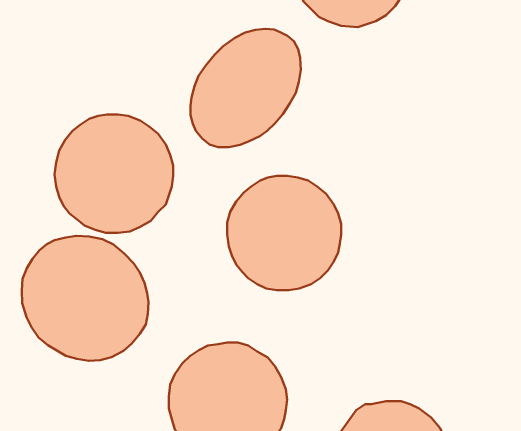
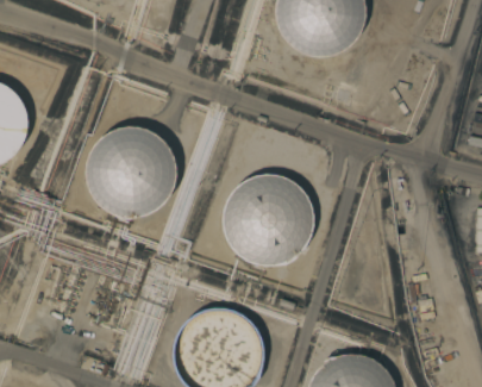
building: [191,29,301,147] -> none
building: [22,236,148,361] -> none

